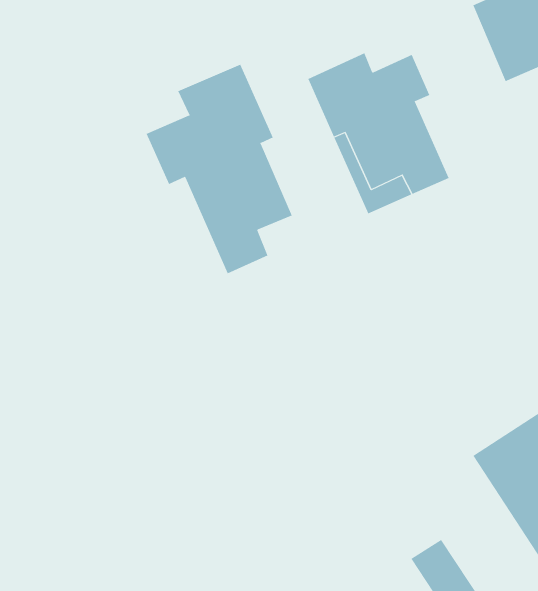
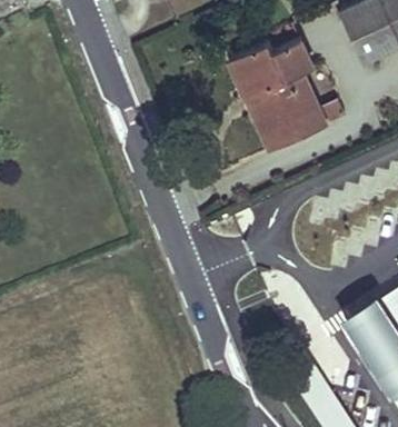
building: [146,64,293,274] -> none

